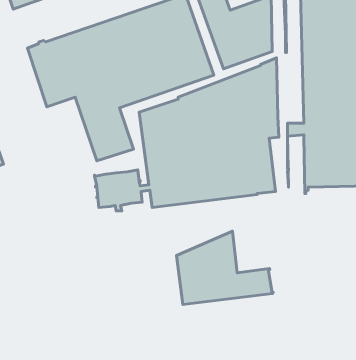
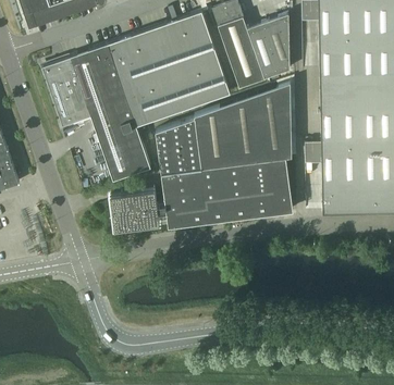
building: [177,231,273,304] -> none

